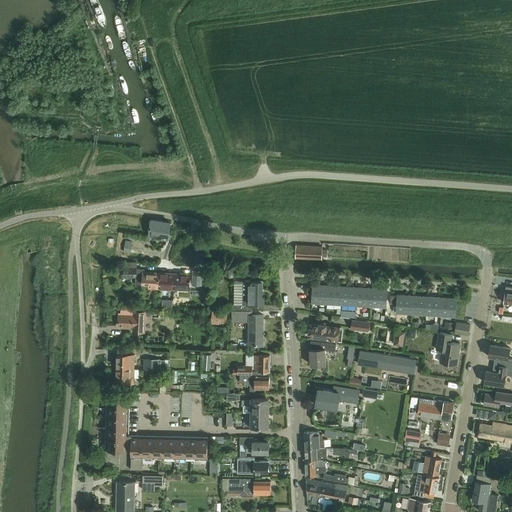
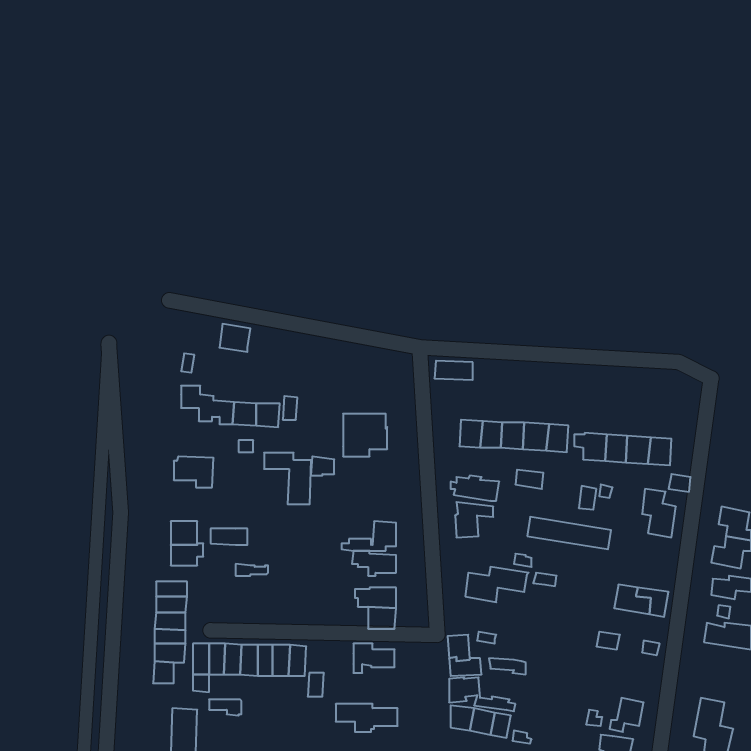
building: [231,311,263,346] -> [264,453,311,504]
building: [412,456,441,475] -> none
building: [238,459,268,473] -> none

